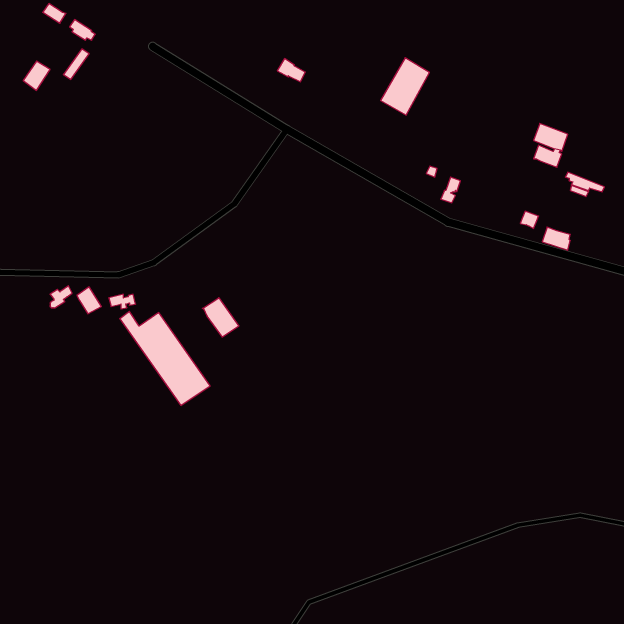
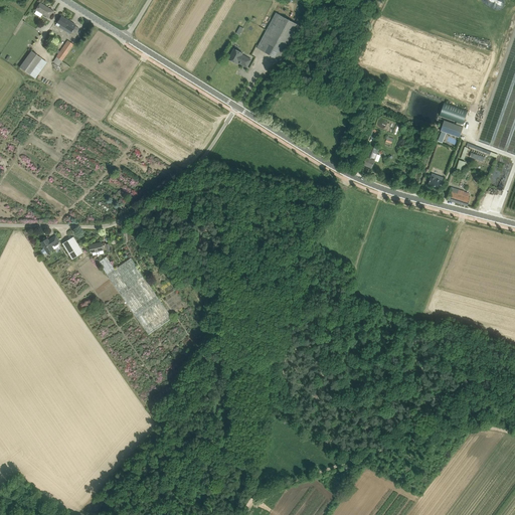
building: [381,58,429,115] -> [256,12,297,59]
building: [202,298,239,337] -> none

